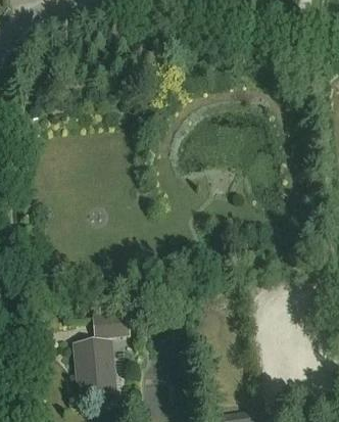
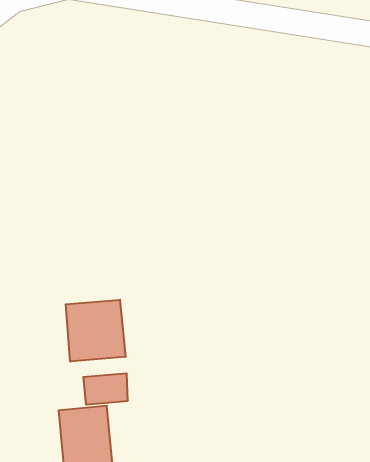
building: none -> [66,300,126,362]

